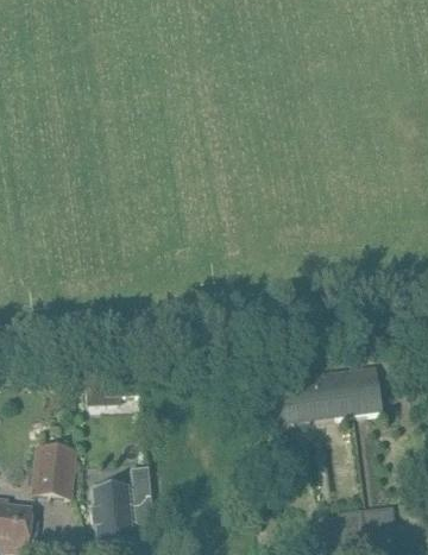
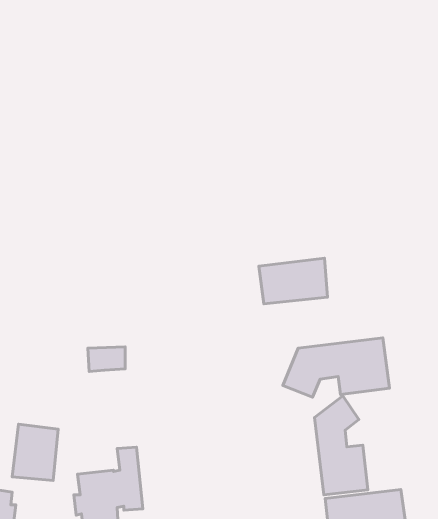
building: none -> [259,258,328,304]
building: none -> [315,396,368,495]

